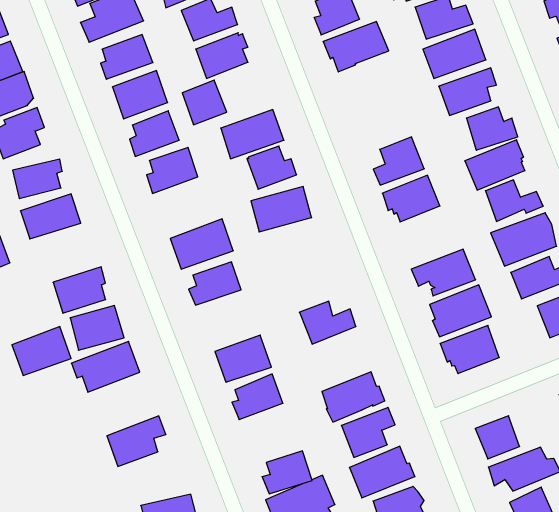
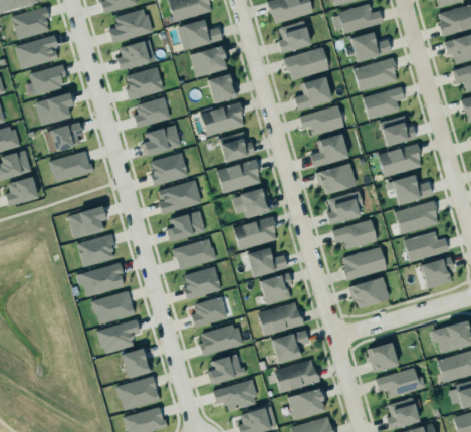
building: none -> [293,75,330,110]
building: [182,80,227,125] -> [208,73,239,104]
building: none -> [298,104,342,135]
building: none -> [149,154,189,185]
building: none -> [325,192,359,224]
building: none -> [239,187,267,217]
building: none -> [232,216,276,249]
building: none -> [173,239,216,270]
building: [12,327,71,375] -> [92,291,135,325]
building: none -> [259,272,291,304]
building: none -> [199,325,244,357]
building: none -> [122,348,151,379]

